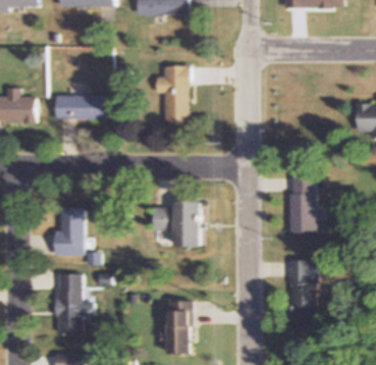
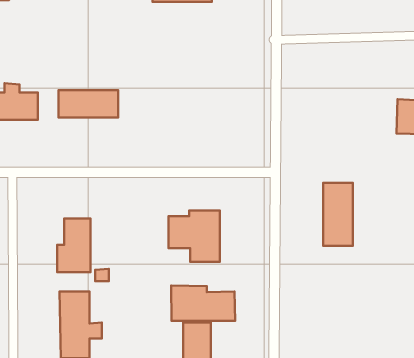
building: [156,64,191,123] -> none
building: [290,260,317,319] -> none
building: none -> [171,286,235,321]

